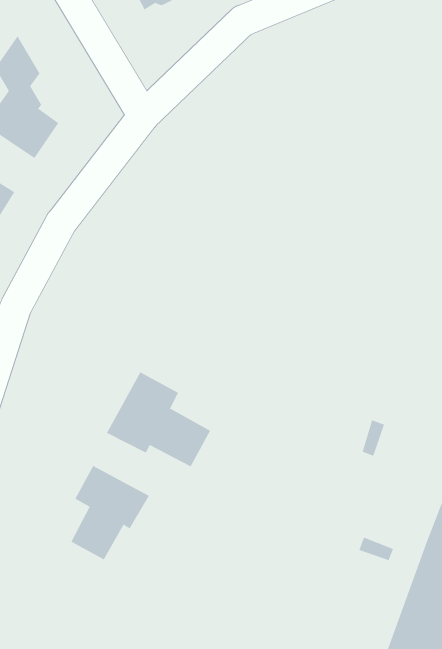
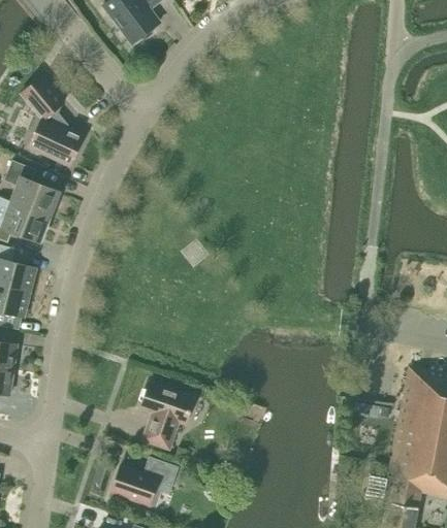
building: [106,371,211,467] -> none
building: none -> [111,458,178,505]

